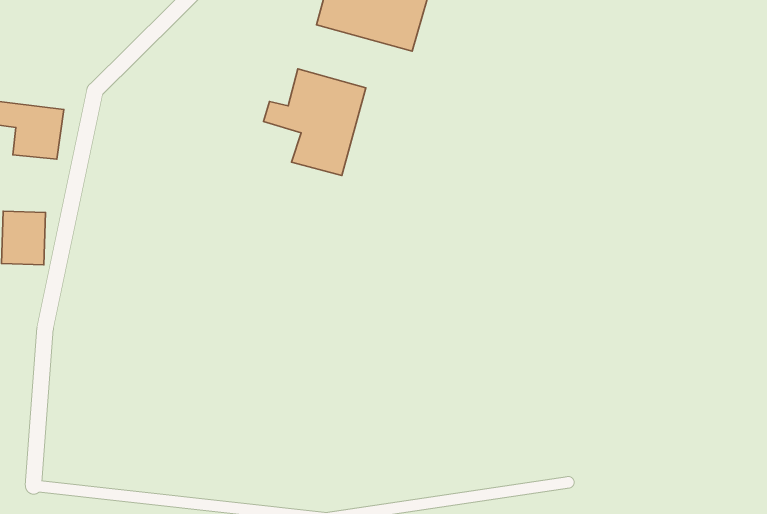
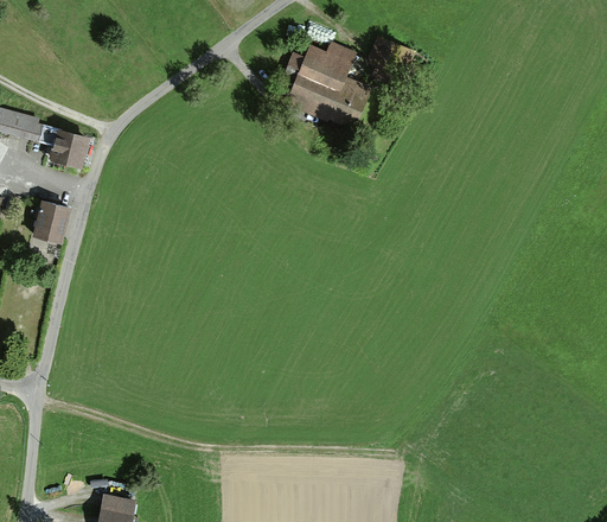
building: [263,69,366,175] -> none

